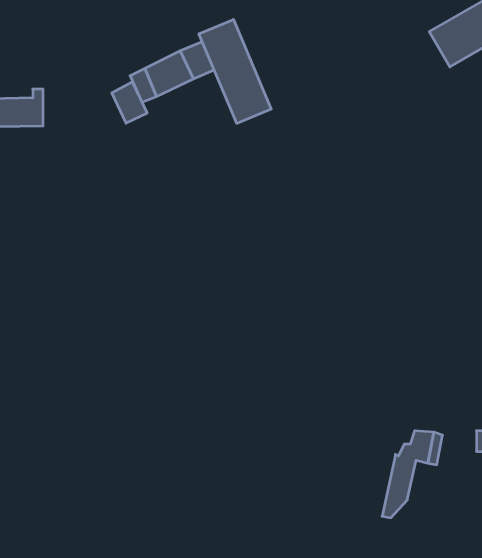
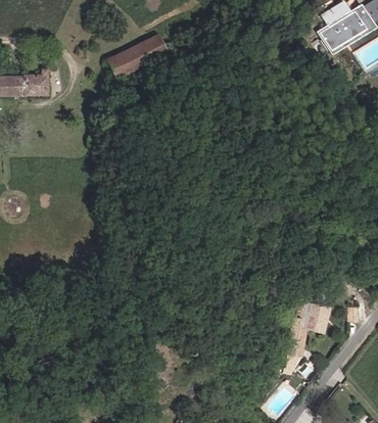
building: [199,19,271,123] -> none
building: [112,82,147,123] -> none

